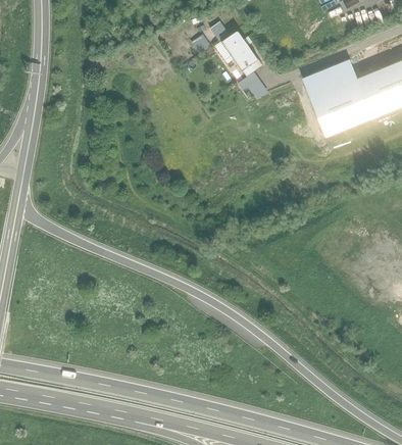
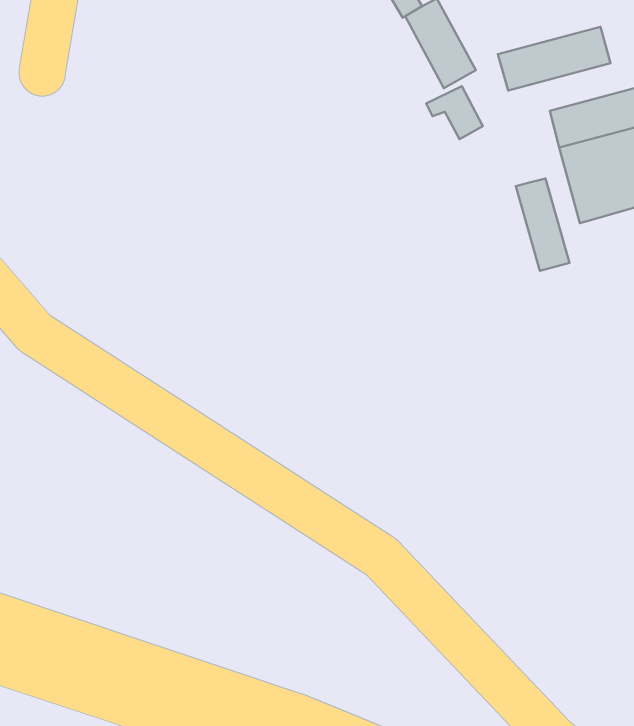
building: none -> [498,27,611,90]
building: none -> [516,179,570,271]

